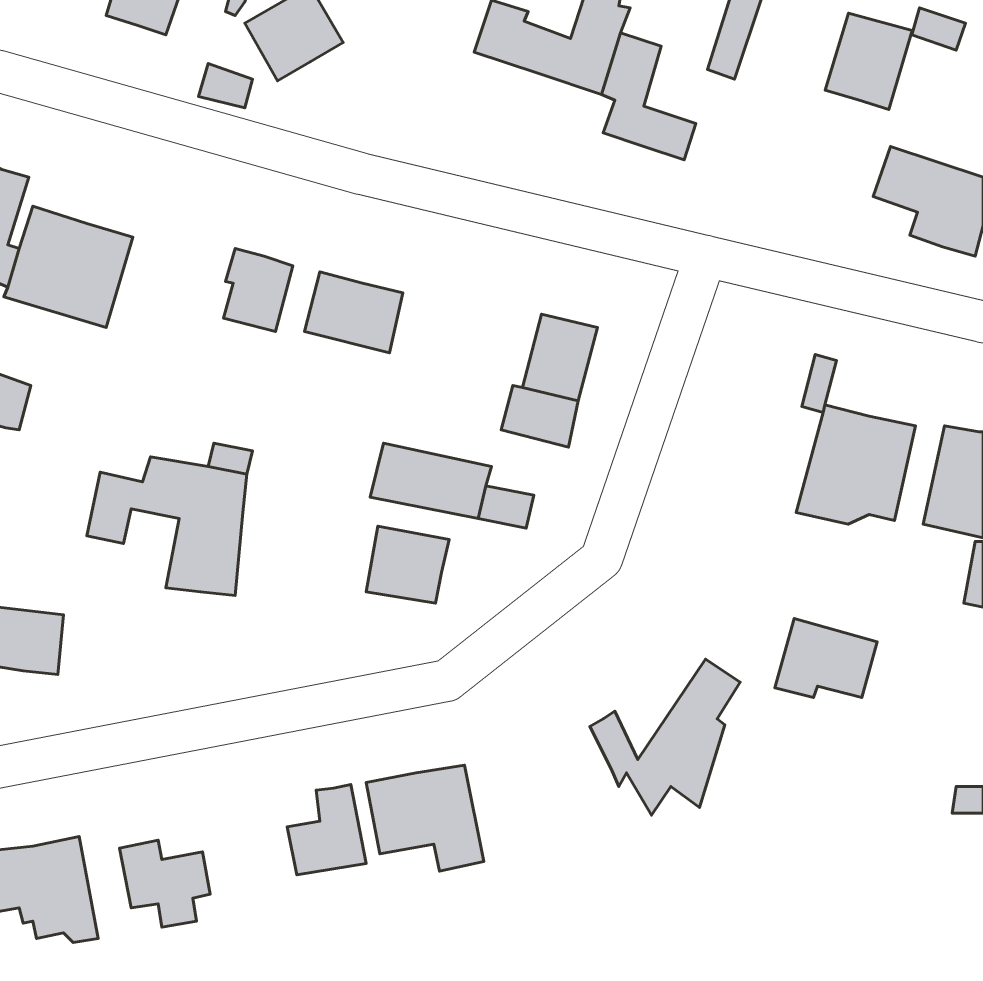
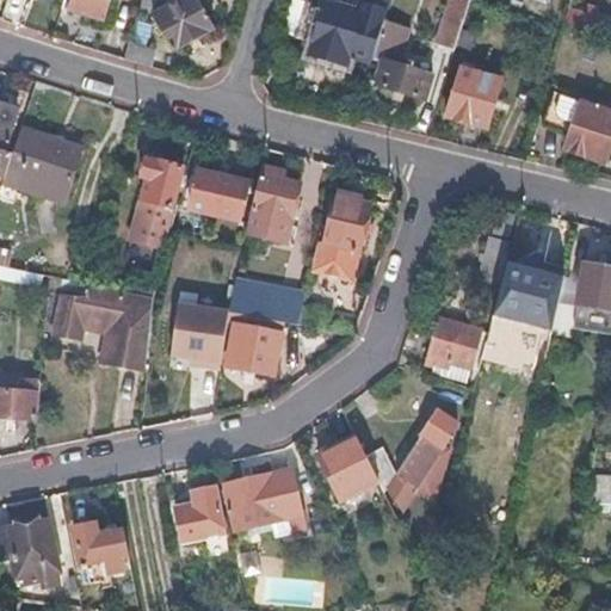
building: [825,13,912,109] -> [445,66,499,125]
building: none -> [247,167,300,241]
building: none -> [128,197,171,246]
building: none -> [171,301,229,368]
building: [775,619,877,698] -> [426,316,489,365]
building: none -> [319,433,378,495]

